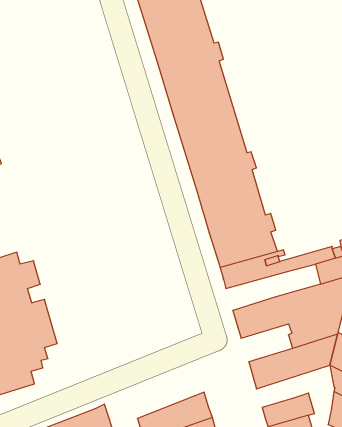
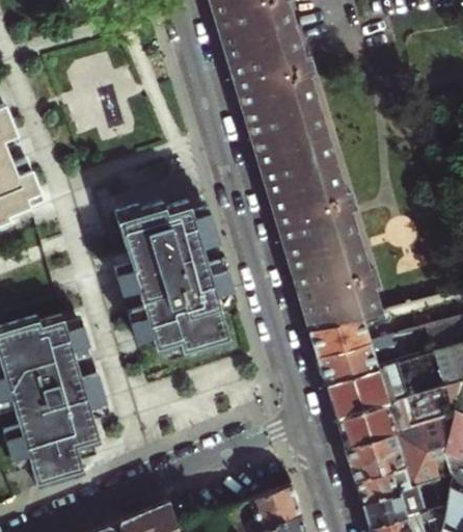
building: none -> [110,198,235,358]
building: none -> [318,336,397,383]
building: none -> [336,400,400,447]
building: none -> [355,451,451,503]

